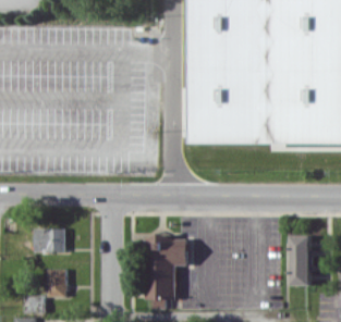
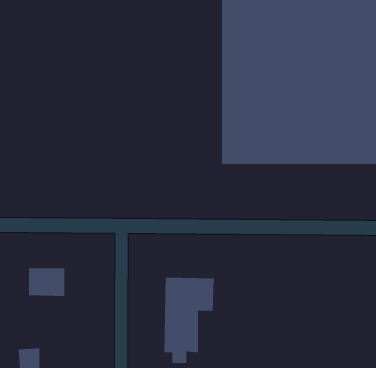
building: [290,235,309,285] -> none
building: [46,268,65,297] -> none

